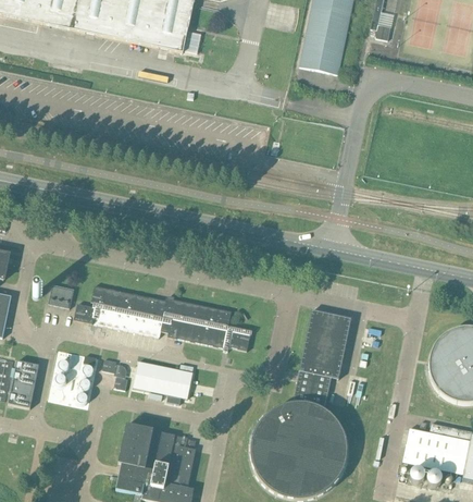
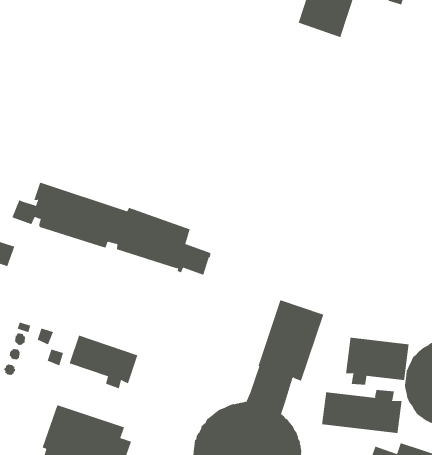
building: [73,284,251,350] -> [12,182,211,276]
building: none -> [346,337,409,386]
building: none -> [321,389,402,434]

